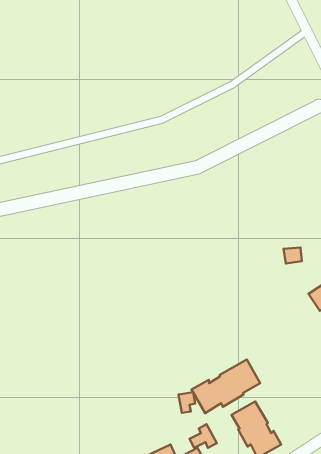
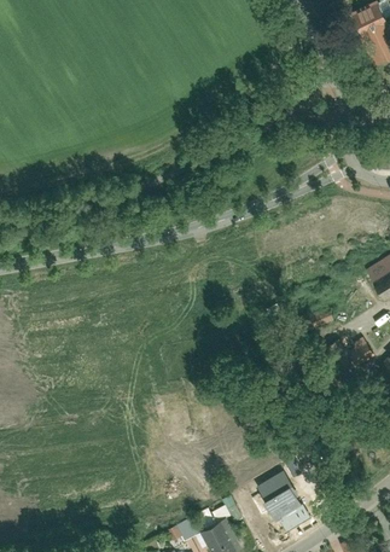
building: [192,360,260,413] -> none

